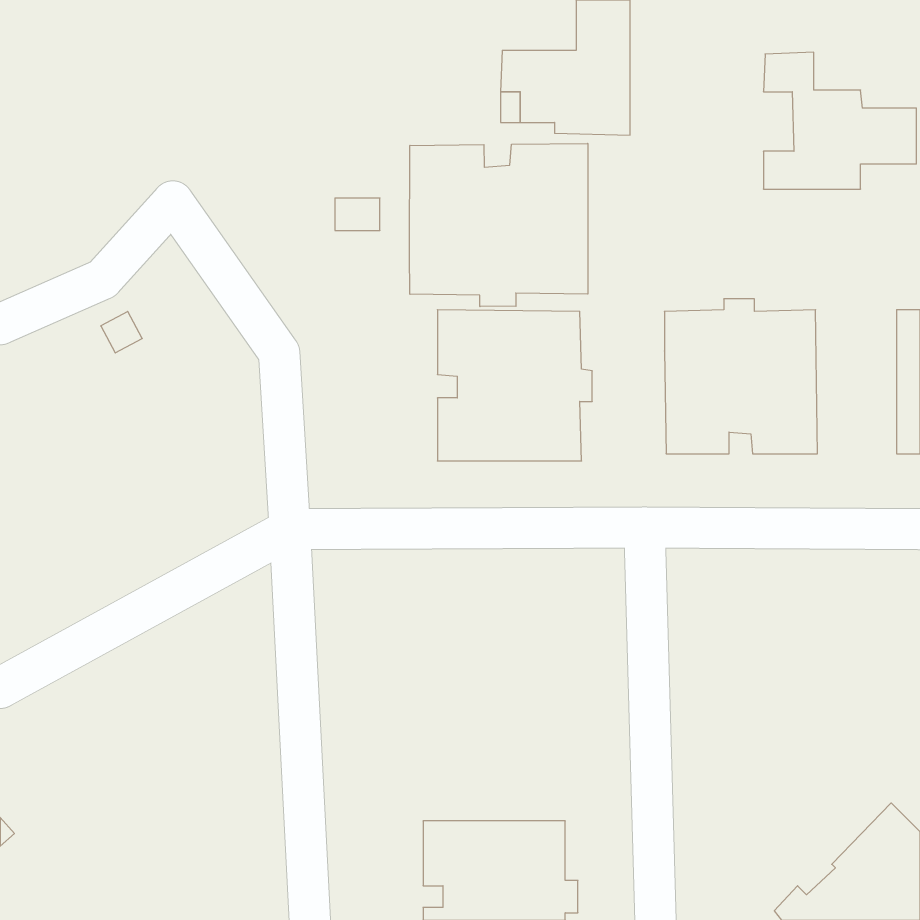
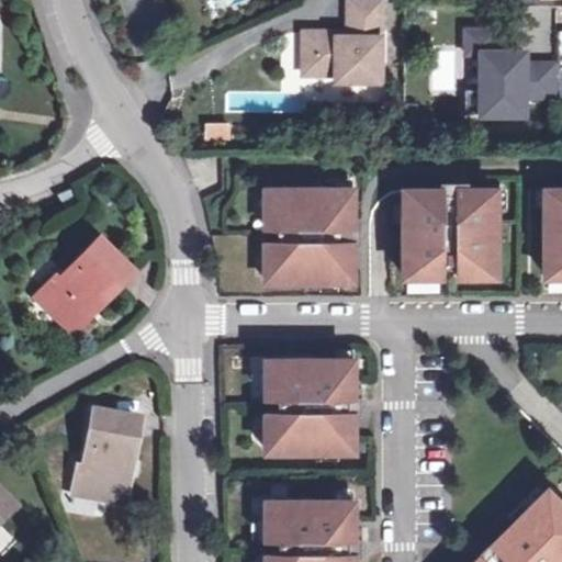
building: [409,143,588,307] -> none
building: none -> [36,243,132,335]
building: none -> [263,360,358,452]
building: none -> [67,416,132,505]

